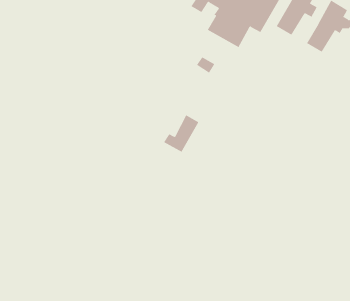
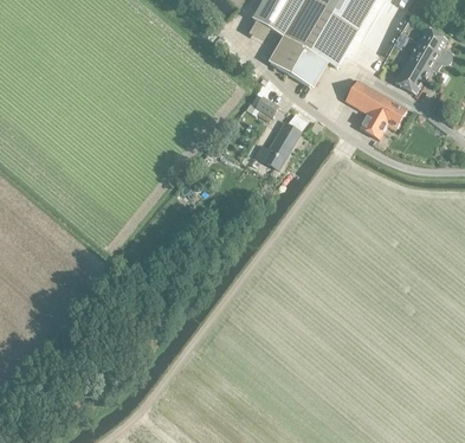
building: none -> [342,77,403,136]
building: [163,115,199,153] -> [254,121,299,168]

